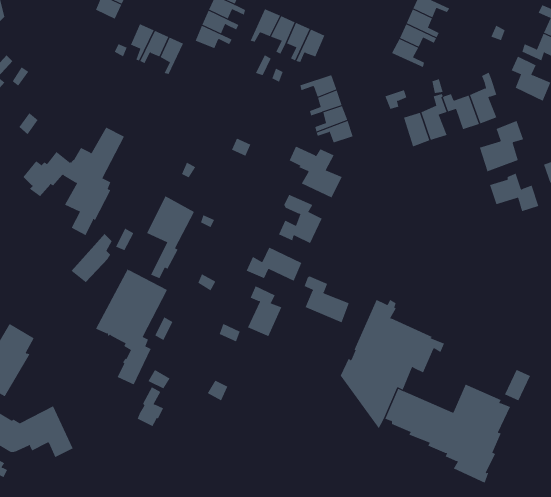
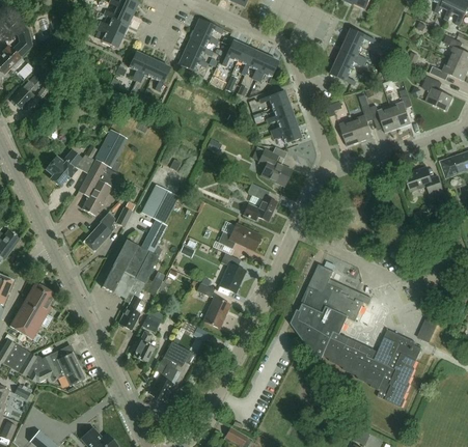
building: [479,120,524,172] -> none
building: [304,275,349,323] -> none
building: none -> [203,297,230,328]
building: none -> [150,342,195,400]

